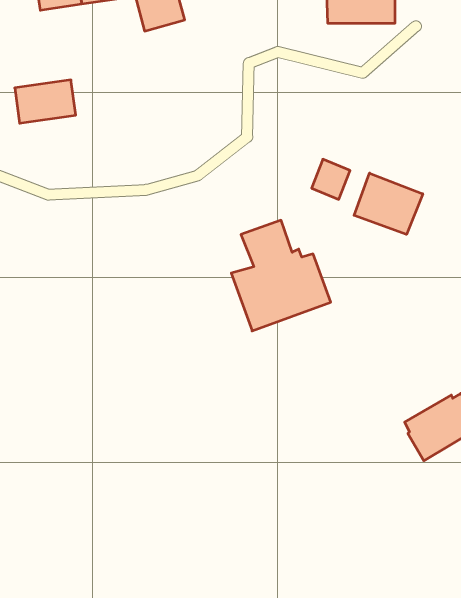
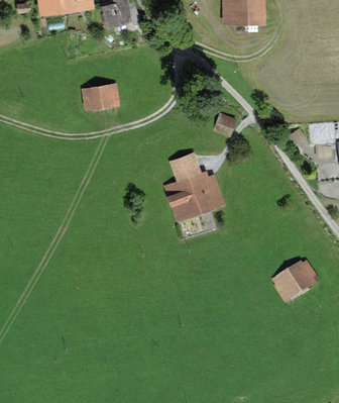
building: [15,80,76,123] -> [81,82,119,109]
building: [354,173,423,234] -> none

